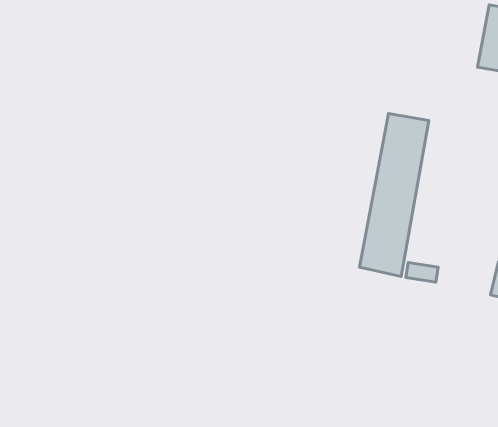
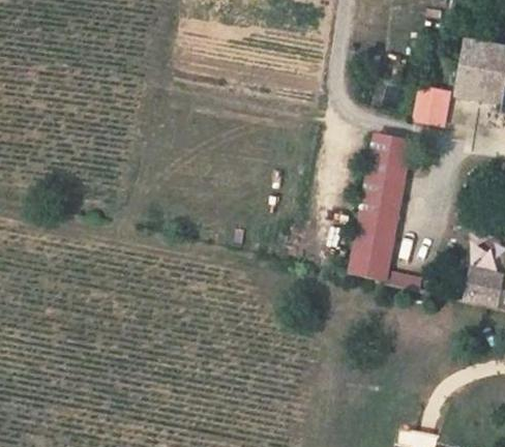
building: none -> [416,87,448,124]

